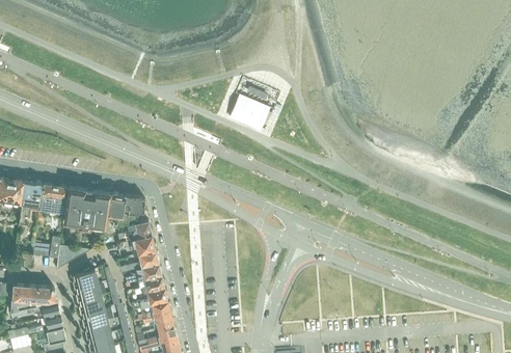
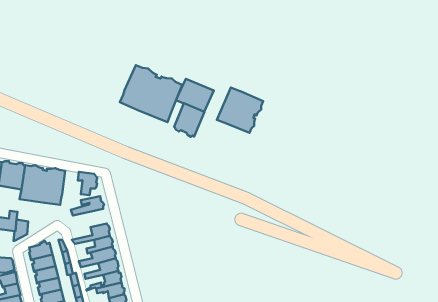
building: none -> [120,65,182,122]
building: none -> [217,87,263,133]
building: none -> [174,103,204,137]
building: [108,194,130,232] -> none
building: [116,236,157,255] -> none

